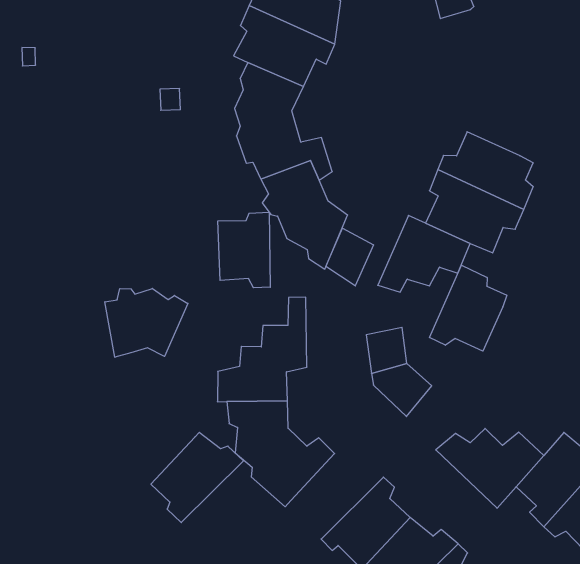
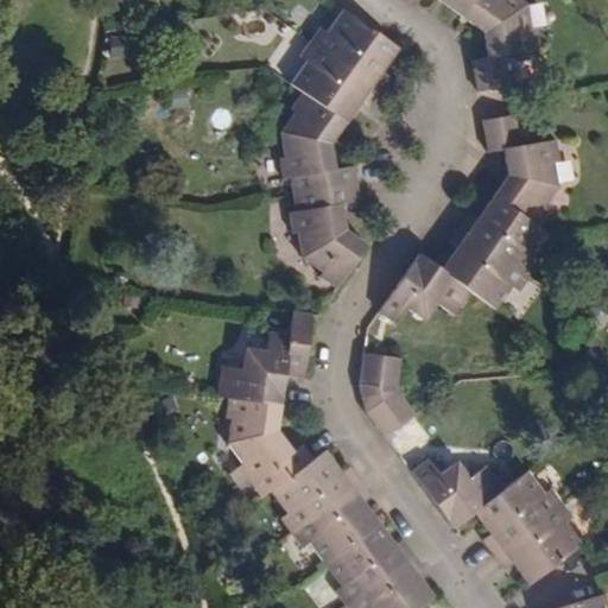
building: none -> [482,110,549,218]
building: [218,212,270,288] -> none
building: [326,228,373,286] -> none
building: [430,265,507,351] -> none
building: [105,288,188,357] -> none
building: [151,432,244,523] -> [272,455,359,533]

